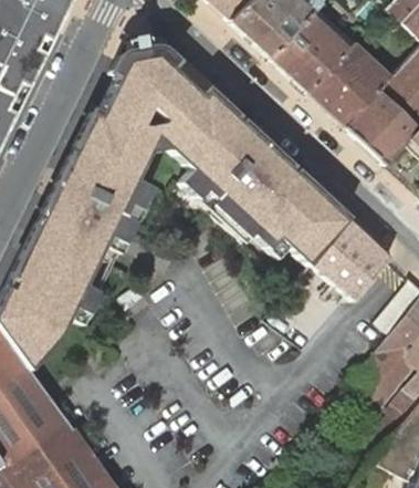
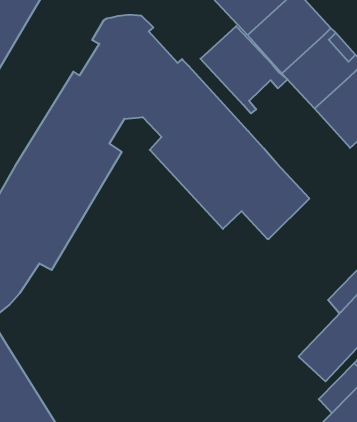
building: none -> [200,26,288,113]
building: [302,219,390,300] -> none

